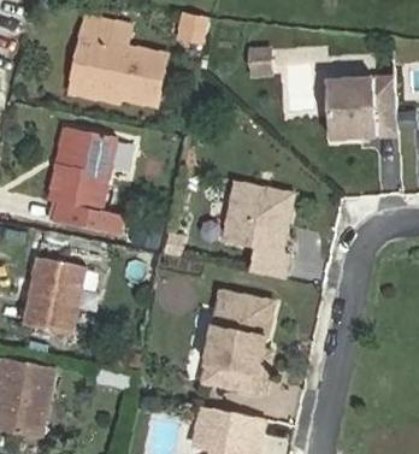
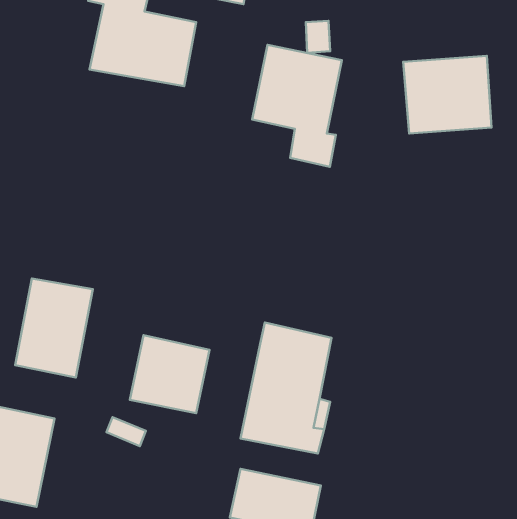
building: [47,126,120,234] -> none
building: [222,182,293,278] -> [252,45,342,167]
building: none -> [130,335,209,413]

